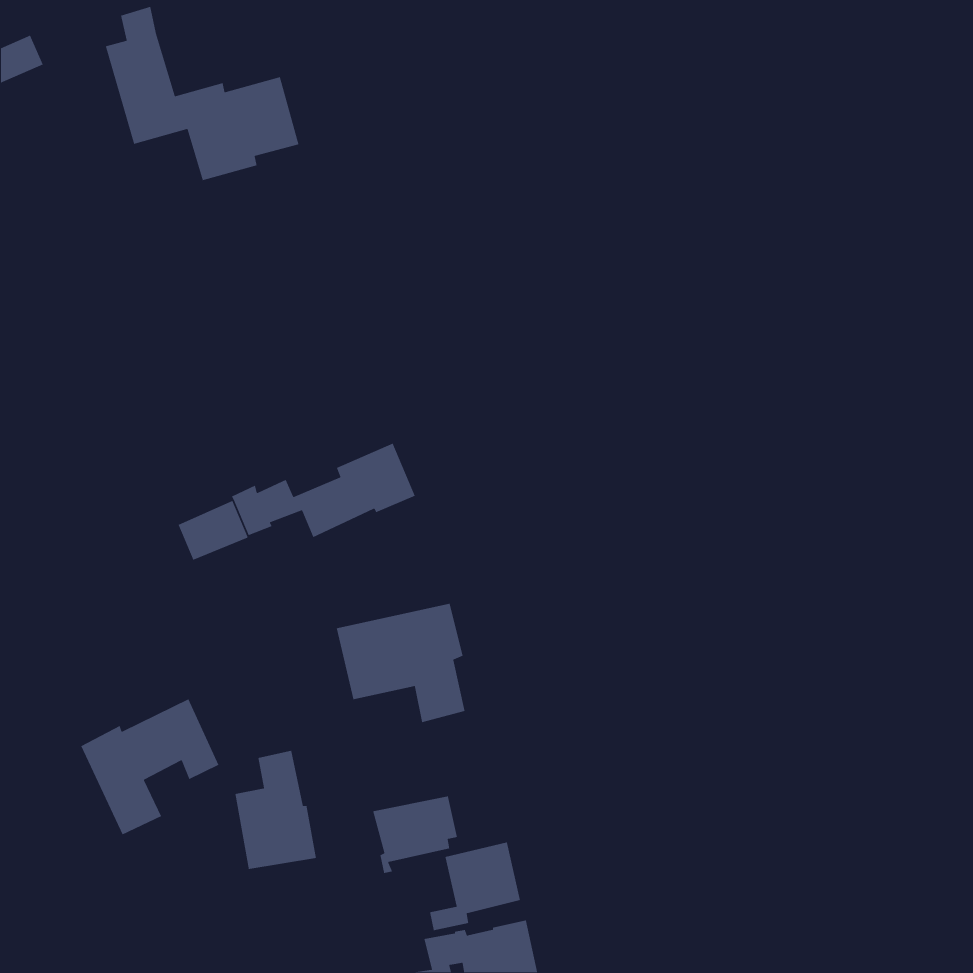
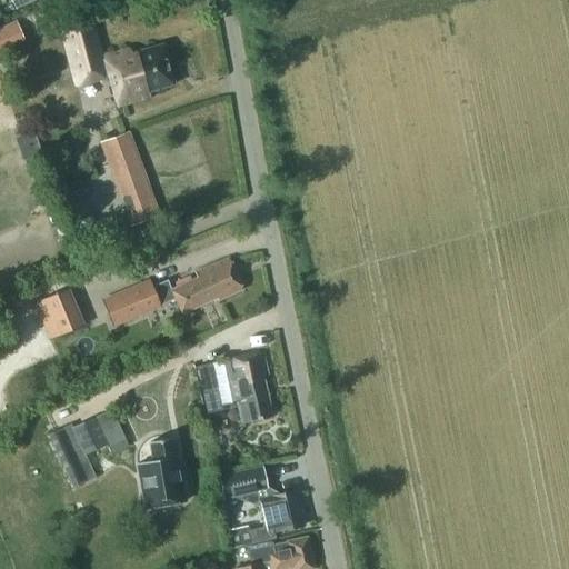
building: none -> [103,133,158,224]
building: none -> [40,290,80,337]

